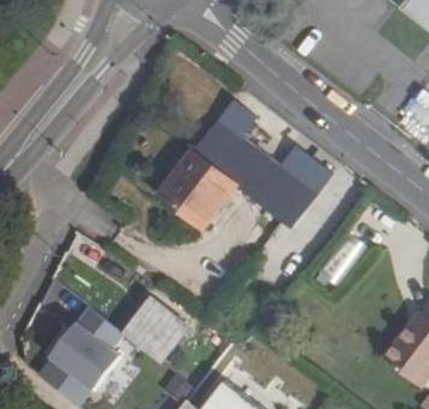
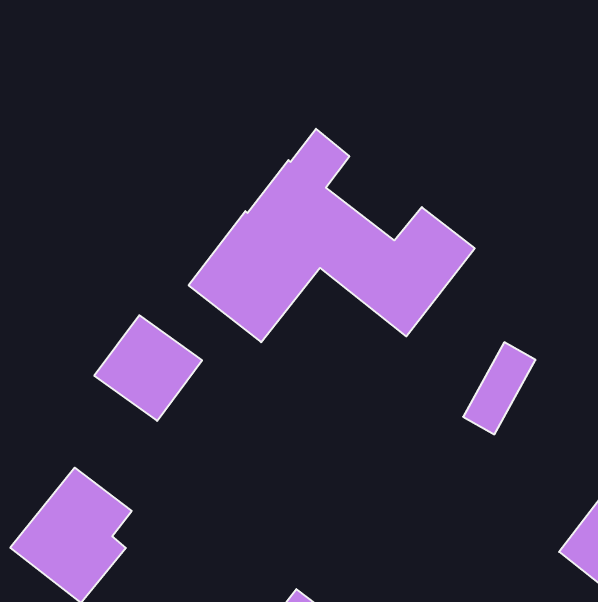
building: [123,298,189,362] -> [94,315,202,421]

